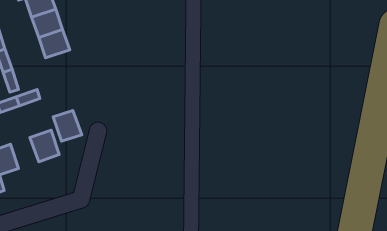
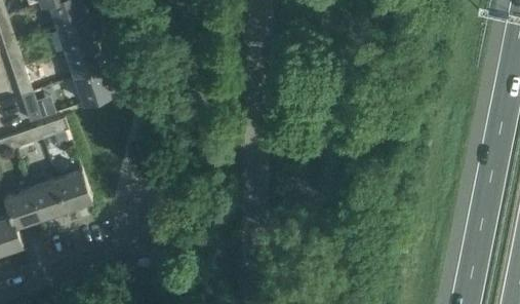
building: none -> [73,70,112,106]
building: [53,110,82,141] -> [29,181,65,220]

